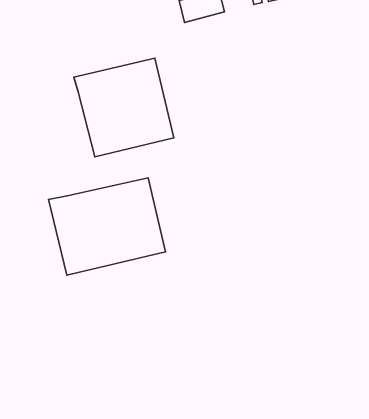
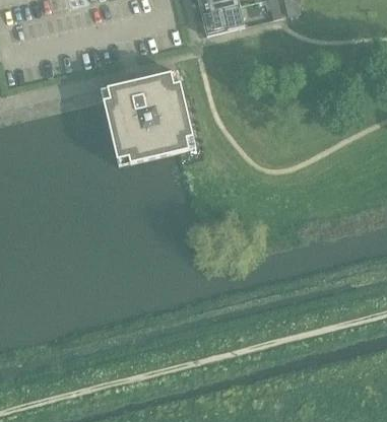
building: [49,178,166,275] -> none

